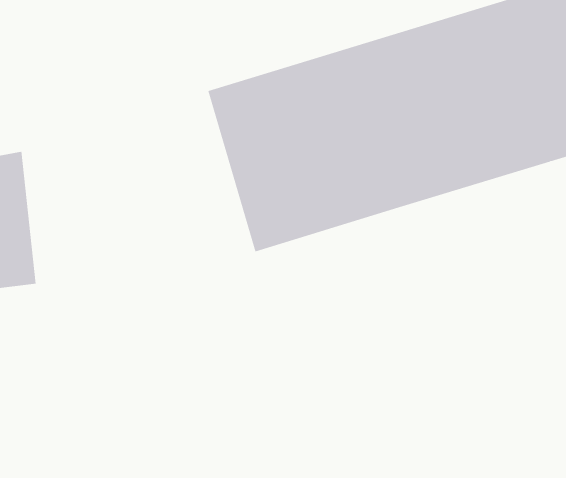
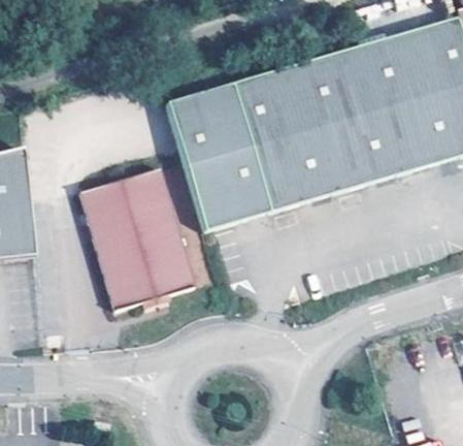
building: none -> [79,169,193,308]

